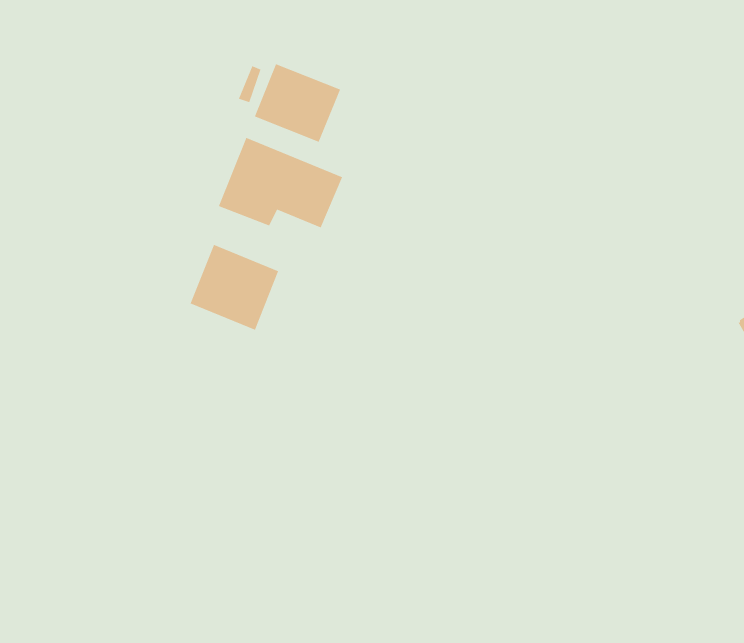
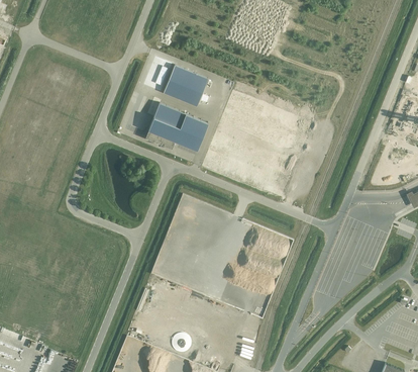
building: [190,244,279,331] -> none

